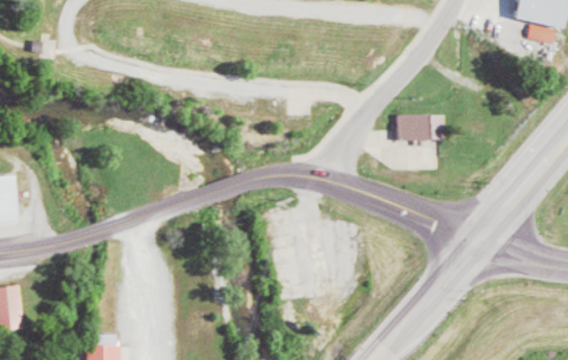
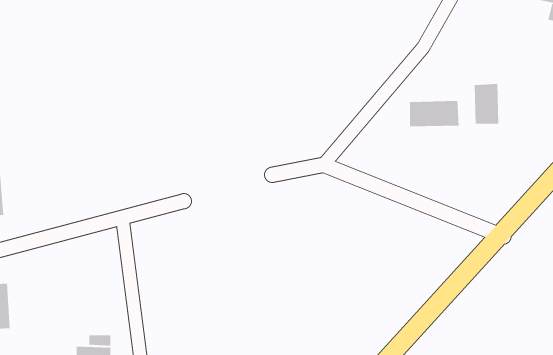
building: none -> [474,83,499,125]

